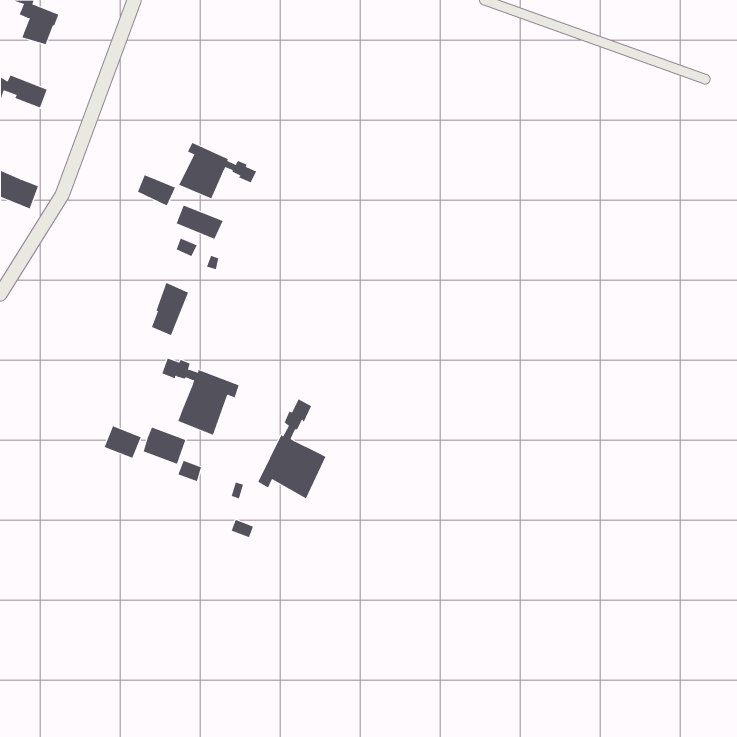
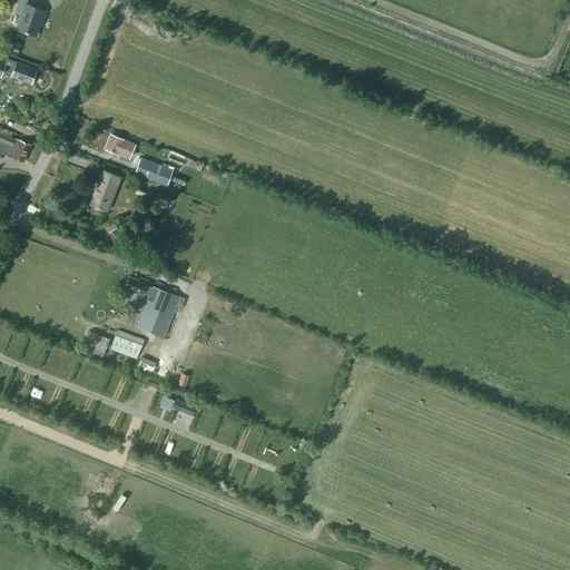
building: [179,142,257,199] -> none
building: [151,282,189,336] -> [91,169,120,210]
building: [258,398,326,499] -> none

